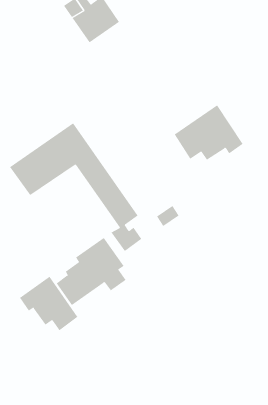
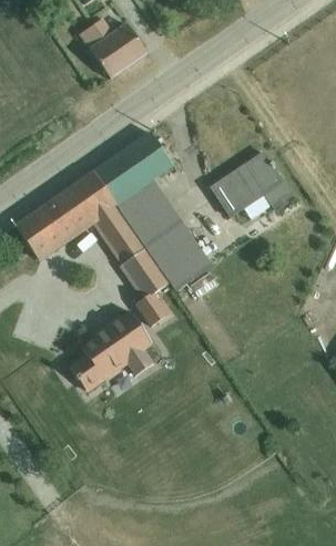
building: none -> [91,131,212,290]
building: [19,276,78,331] -> none

